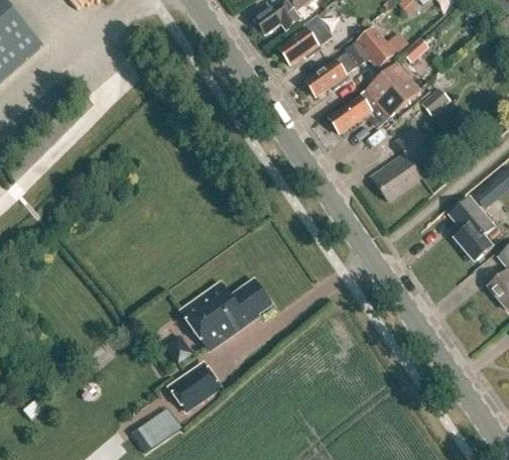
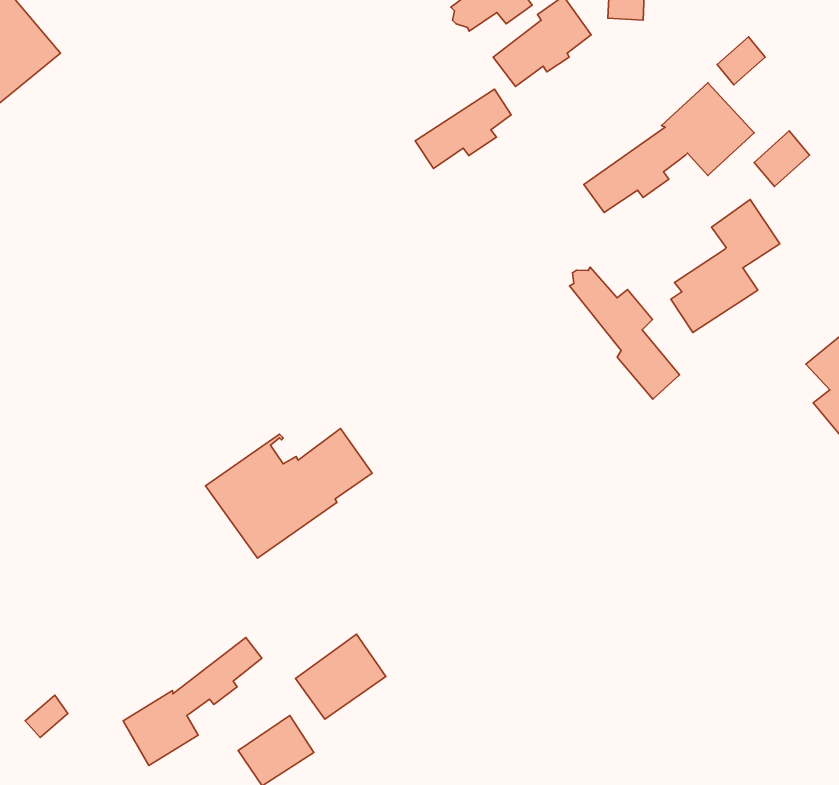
building: [357,28,396,70] -> none
building: [305,52,358,96] -> [415,89,511,169]
building: none -> [570,267,680,399]
building: [180,279,271,350] -> [206,429,372,558]
building: none -> [123,638,262,765]

